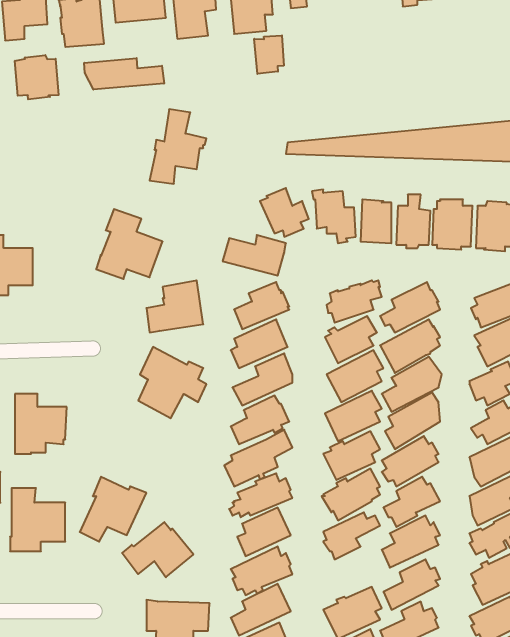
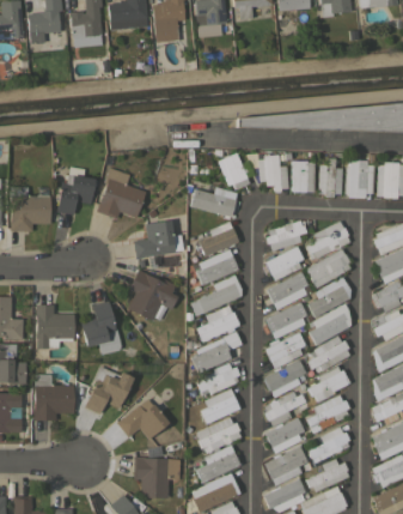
building: [254,35,284,74] -> none
building: [15,55,59,99] -> none
building: [84,58,164,90] -> none
building: [150,109,206,184] -> [56,159,98,214]
building: none -> [80,301,122,355]
building: none -> [265,418,304,454]

